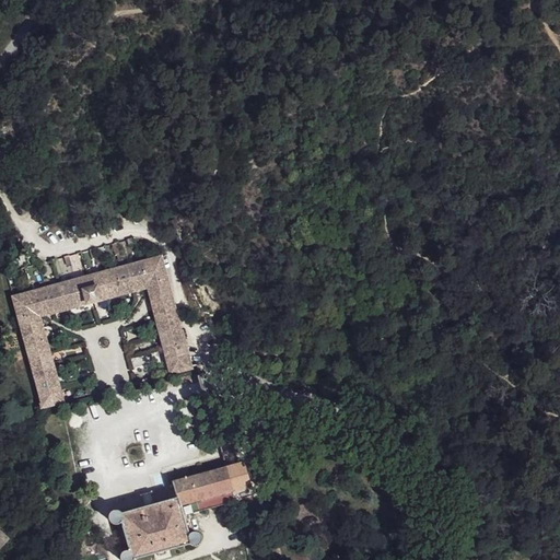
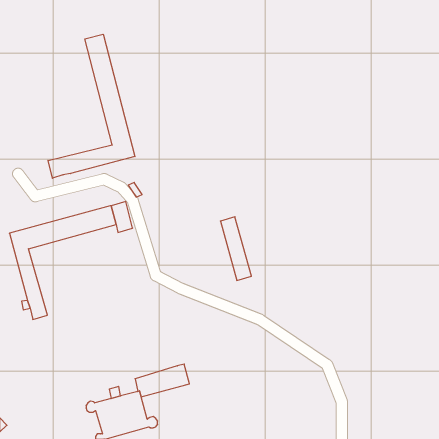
building: none -> [48,34,135,178]
building: [150,290,189,371] -> [220,217,251,280]

